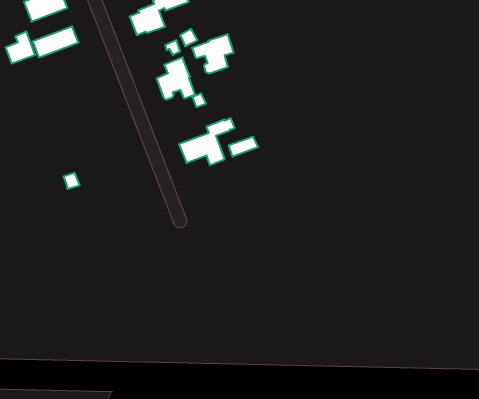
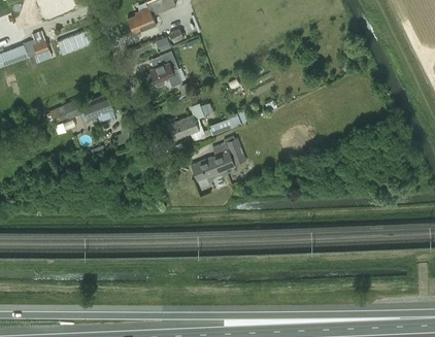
building: [192,34,233,74] -> none
building: none -> [47,94,114,124]
building: none -> [190,136,245,181]

